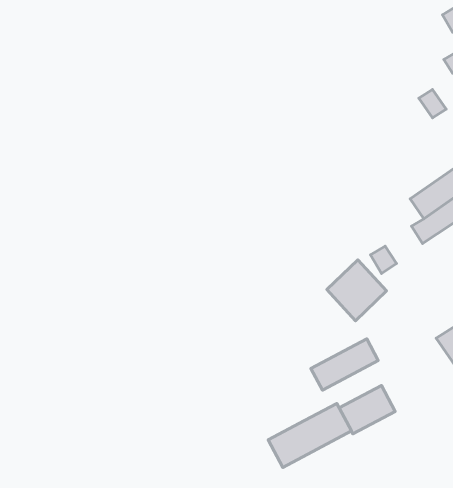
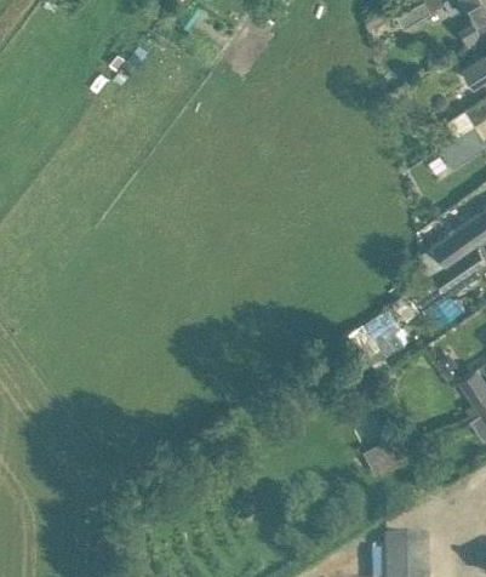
building: [311,339,378,390] -> none
building: [268,404,351,467] -> none

